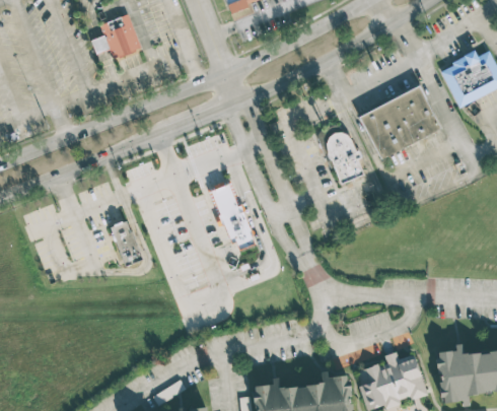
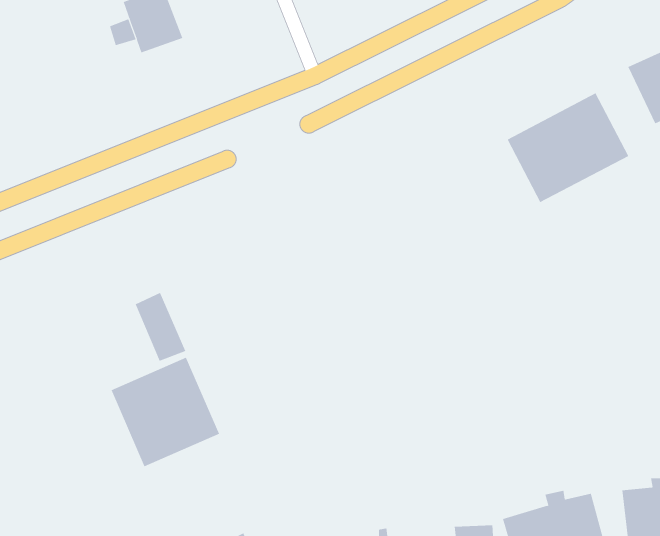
building: [323,129,362,183] -> none
building: [211,177,258,250] -> none
building: none -> [111,357,220,467]

